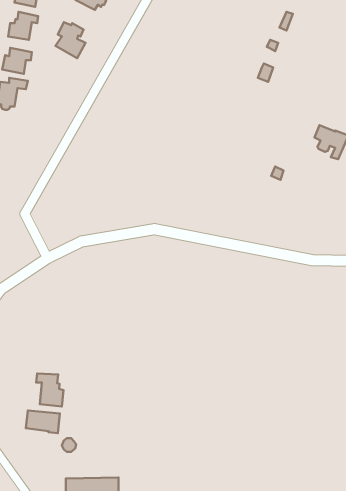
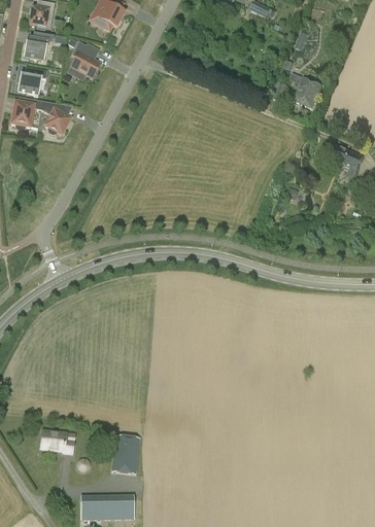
building: none -> [293,77,320,107]
building: none -> [40,101,70,134]
building: [36,374,63,406] -> none
building: none -> [111,434,139,473]

